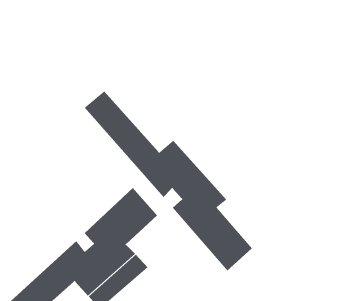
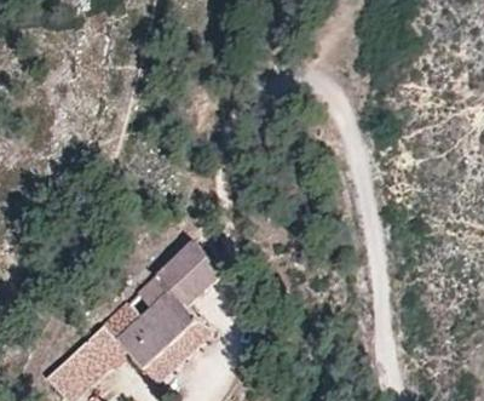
building: [84,90,253,272] -> none

